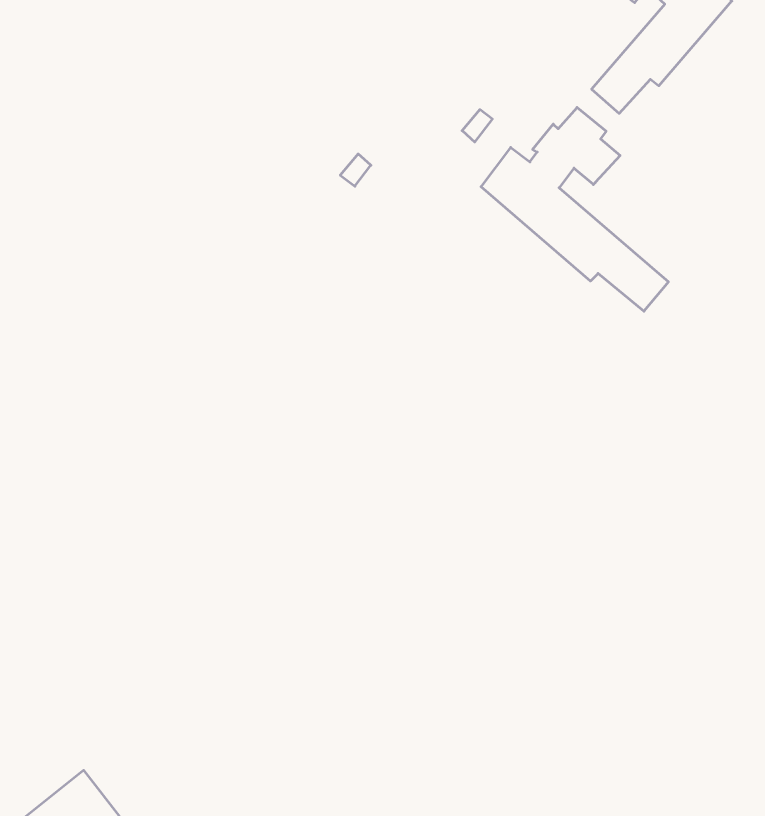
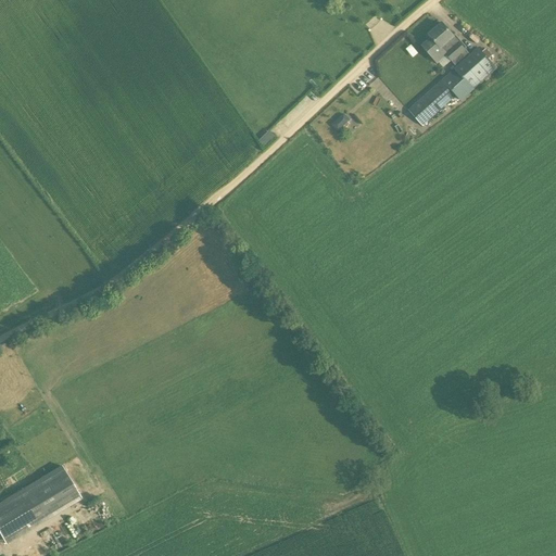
building: [481,107,668,311] -> none

